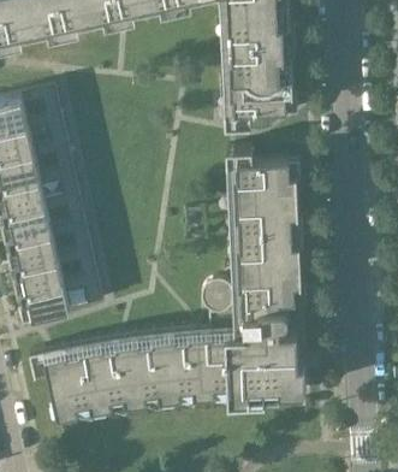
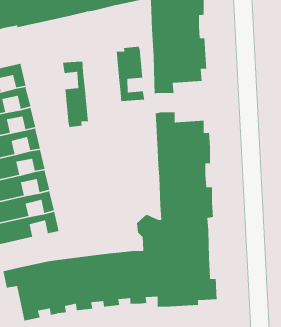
building: none -> [116,46,145,102]
building: none -> [62,60,89,128]

